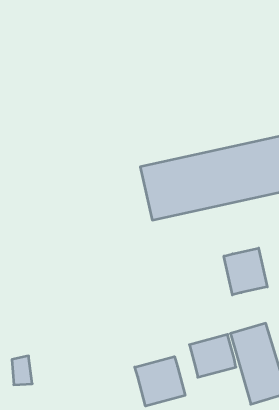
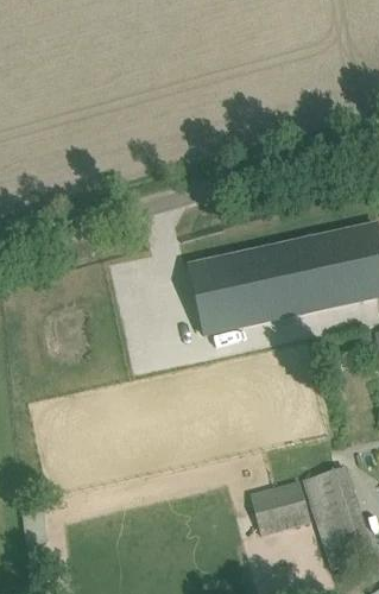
building: [224,248,267,295] -> none
building: [135,357,185,406] -> none

